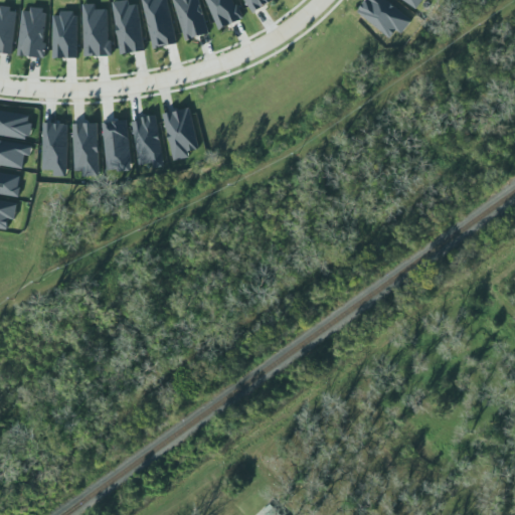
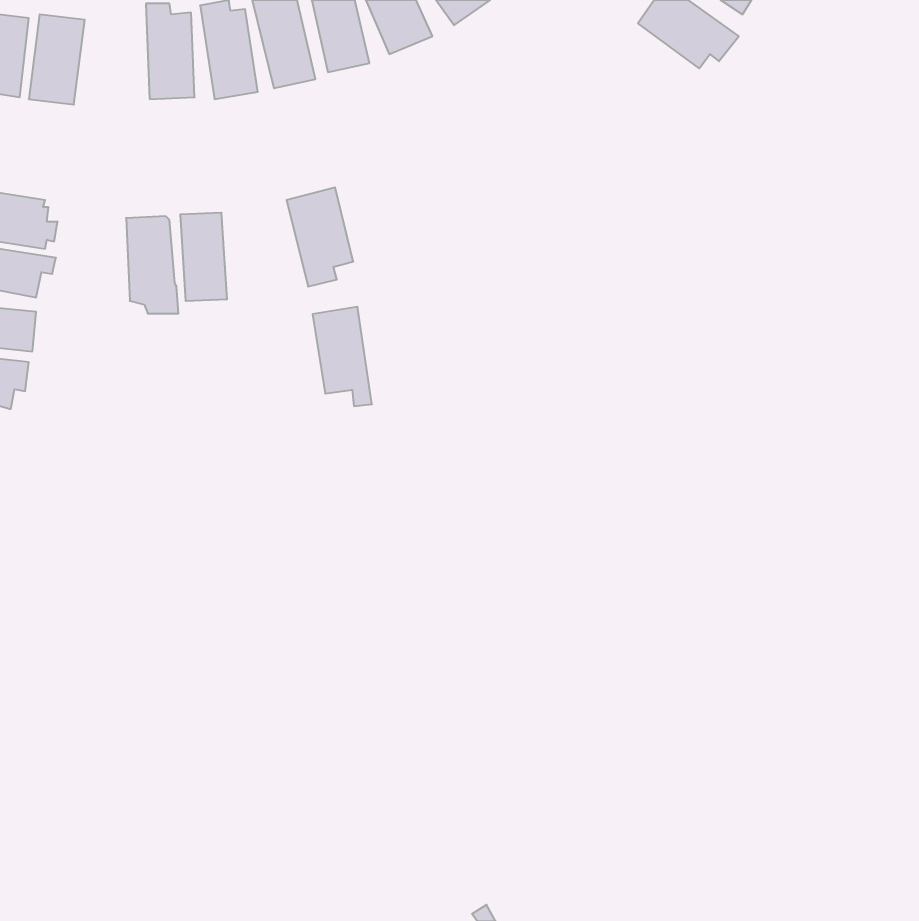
building: [51,10,76,56] -> none
building: [130,114,163,169] -> [313,307,372,406]
building: [41,124,67,177] -> none

